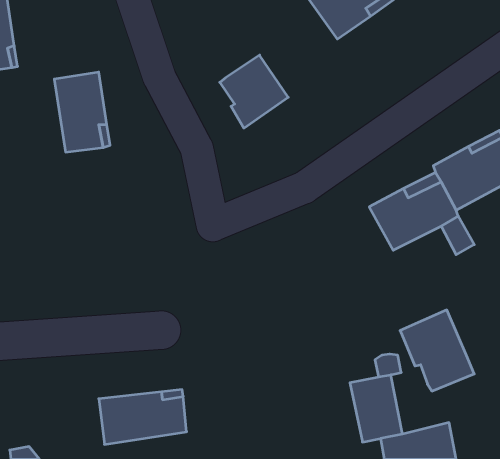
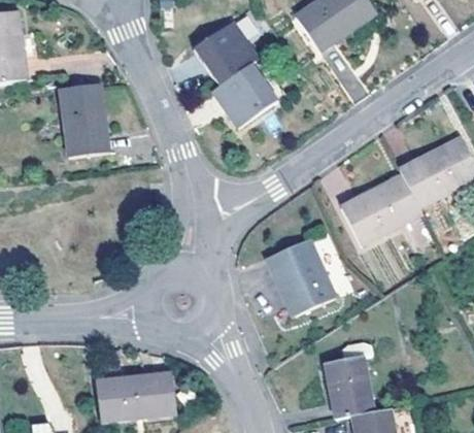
building: none -> [189,25,252,88]
building: [400,310,474,391] -> [268,238,335,311]

